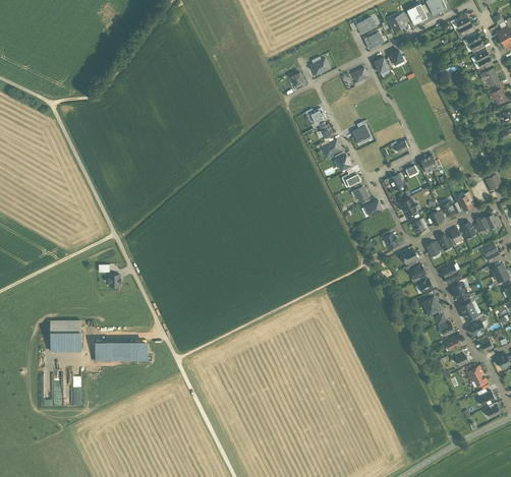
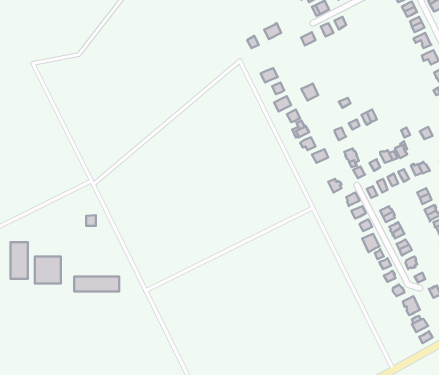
building: none -> [11,242,28,279]

